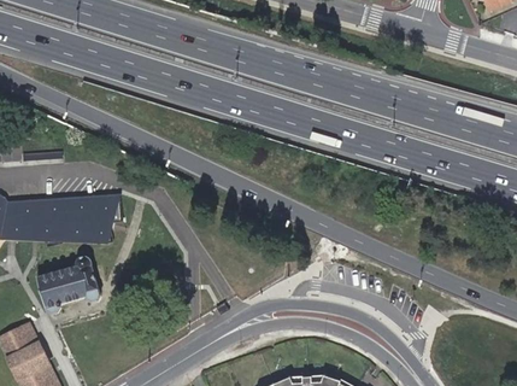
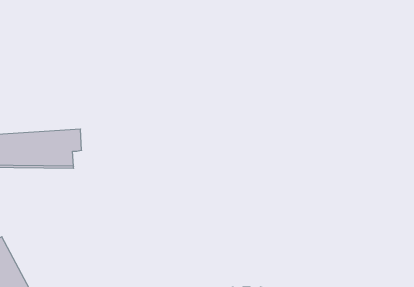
building: [34,256,99,314] -> none

